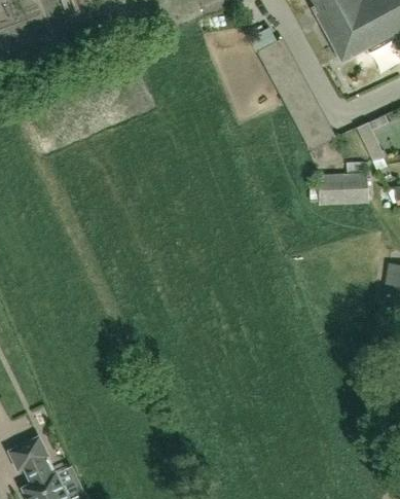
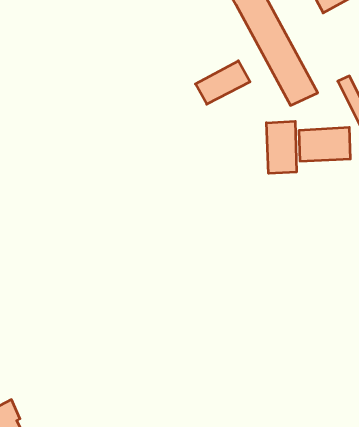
building: none -> [195,61,250,104]
building: none -> [266,121,296,173]

